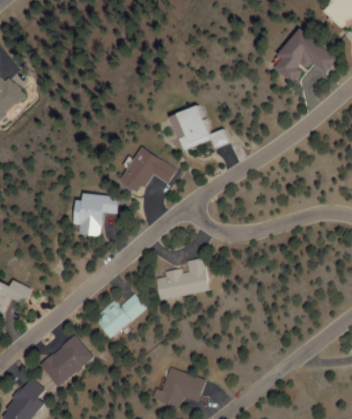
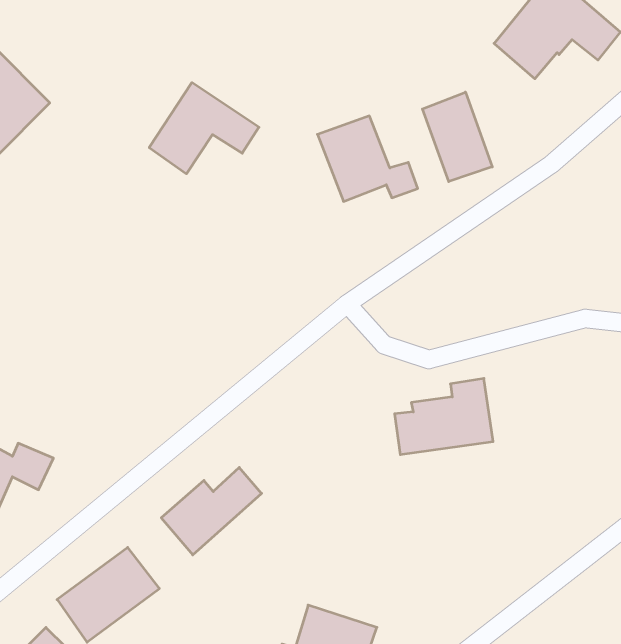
building: none -> [422,92,492,182]
building: [122,147,181,196] -> [149,83,259,174]
building: [77,195,120,236] -> none
building: [154,258,207,299] -> [395,378,493,455]

